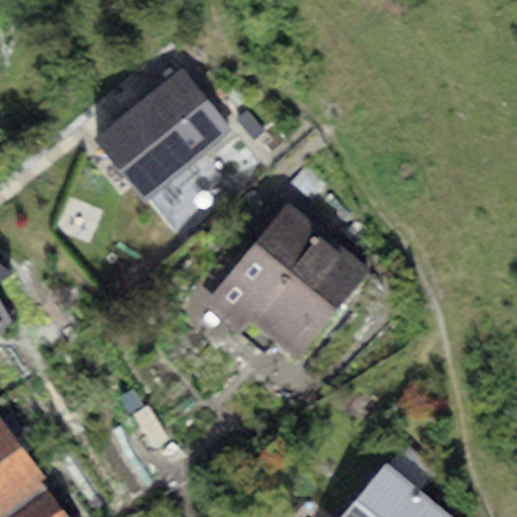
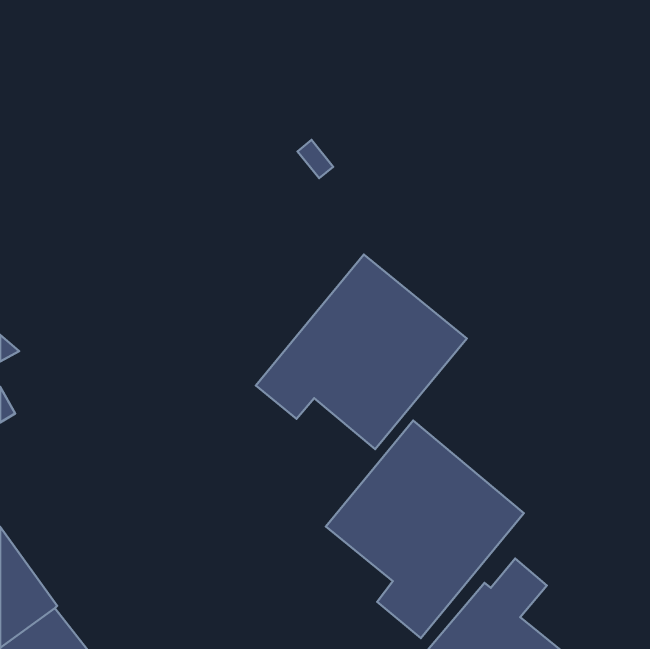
building: [96,71,228,198] -> none
building: none -> [326,421,524,638]

